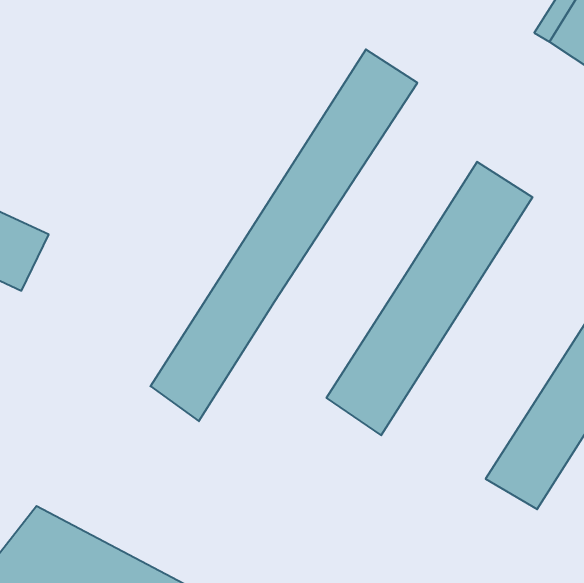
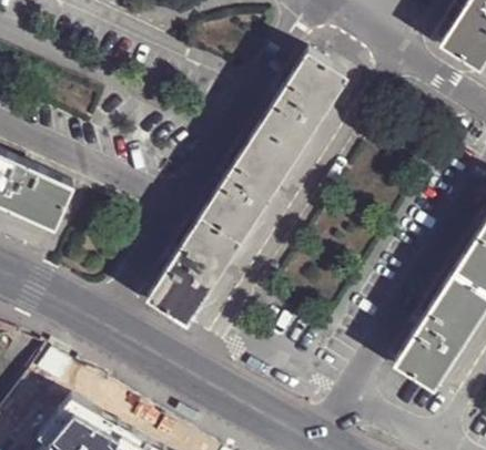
building: [327,162,532,435] -> none

